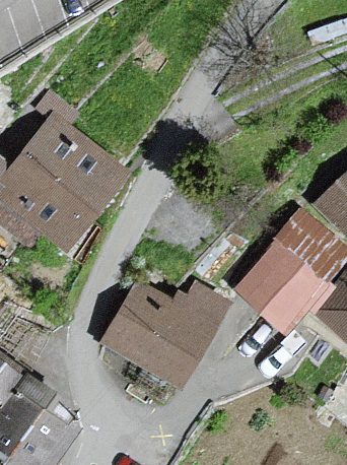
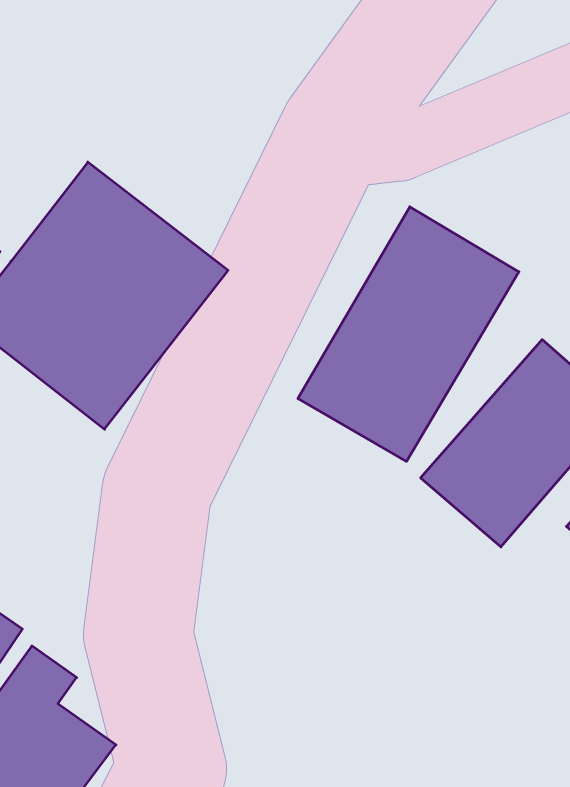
building: none -> [298,207,519,461]
building: [107,282,224,380] -> none

